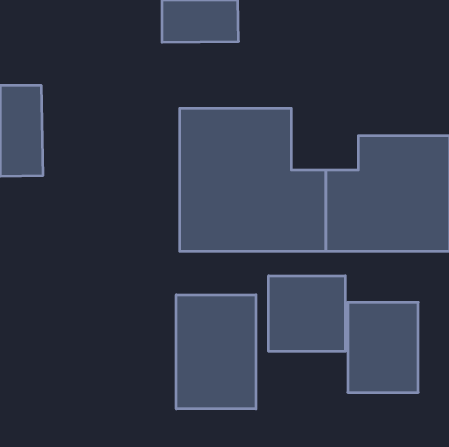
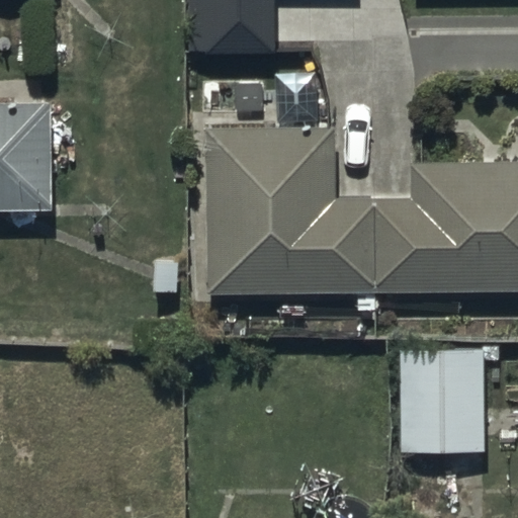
building: [269,276,345,351] -> none
building: [176,295,256,409] -> none

